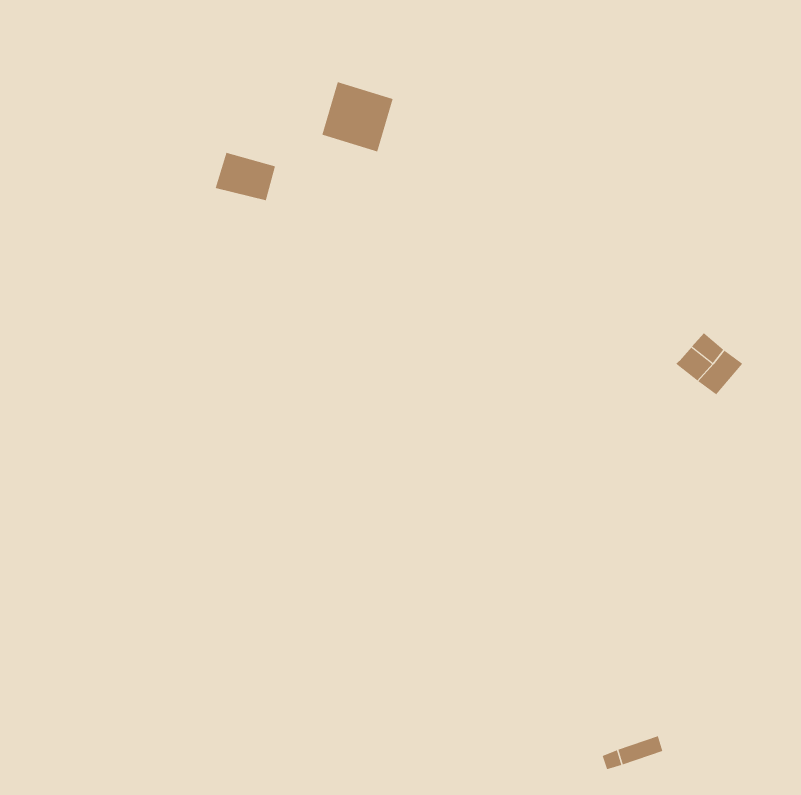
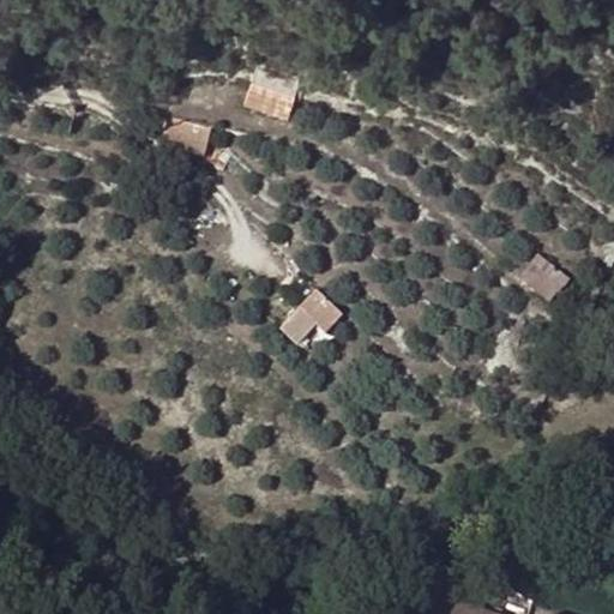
building: none -> [281,290,342,343]

